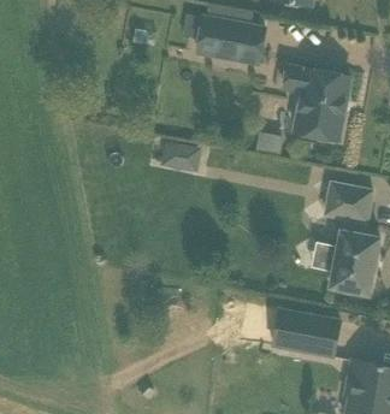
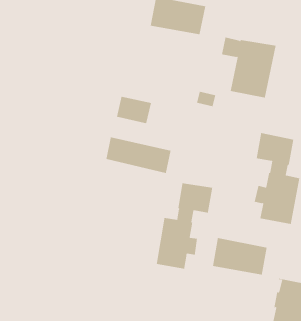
building: none -> [106,136,171,174]
building: none -> [156,182,213,269]

